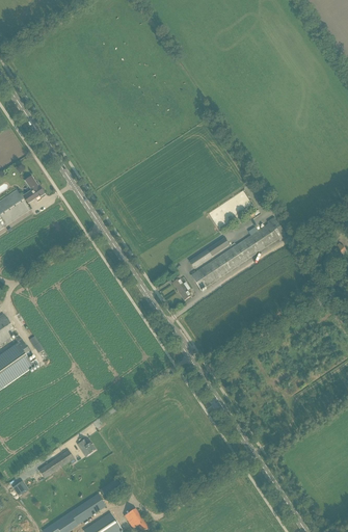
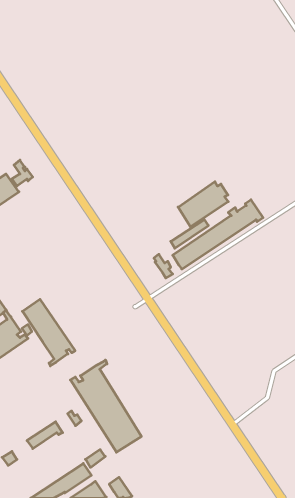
building: none -> [178,182,228,227]
building: none -> [22,299,75,366]
building: none -> [70,360,141,452]

